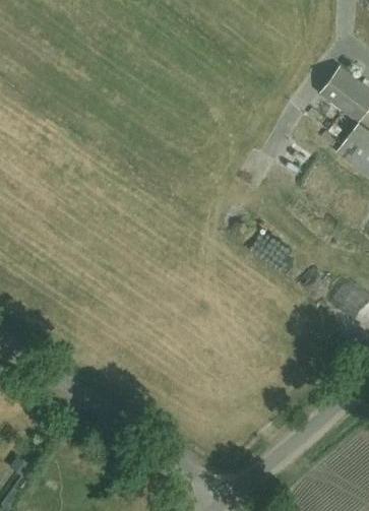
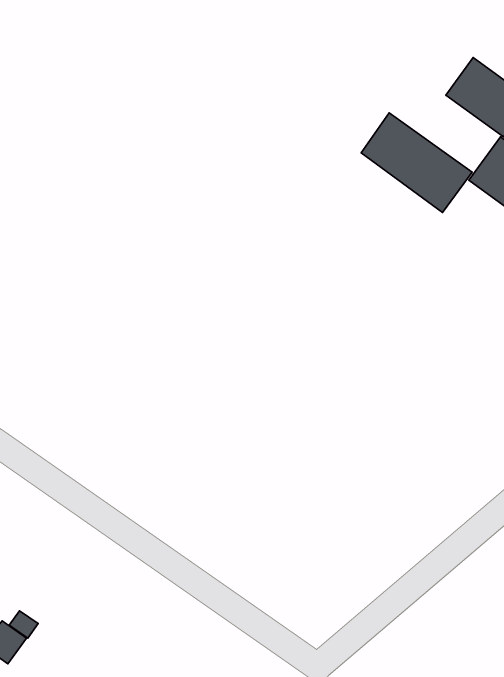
building: none -> [361,113,472,212]

